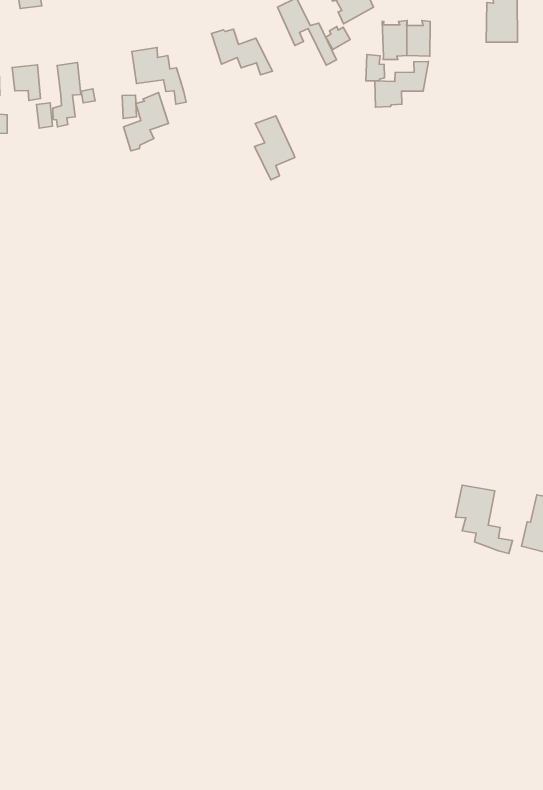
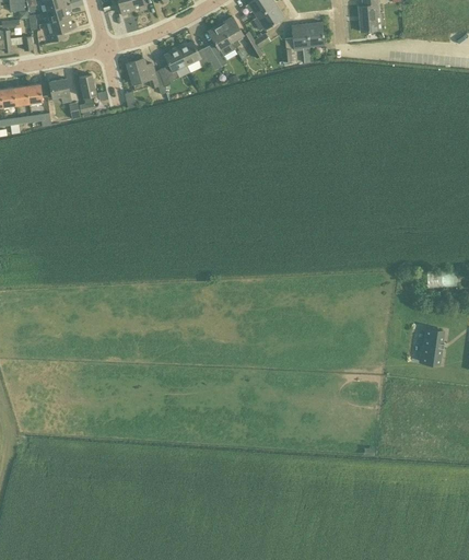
building: [375,61,429,107] -> none
building: [123,93,169,151] -> [156,45,186,85]
building: [254,116,295,180] -> [206,23,234,66]
building: [455,485,512,553] -> none

